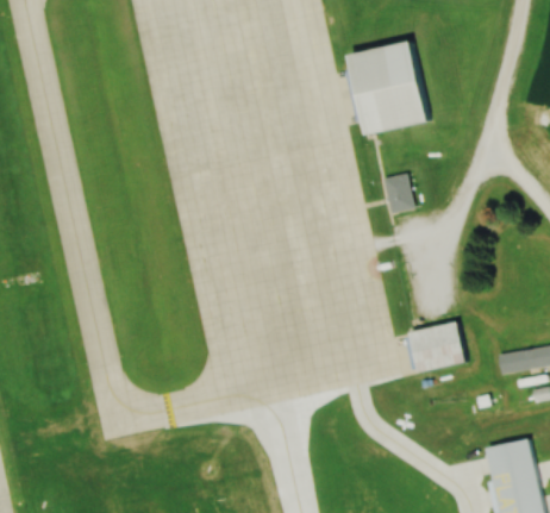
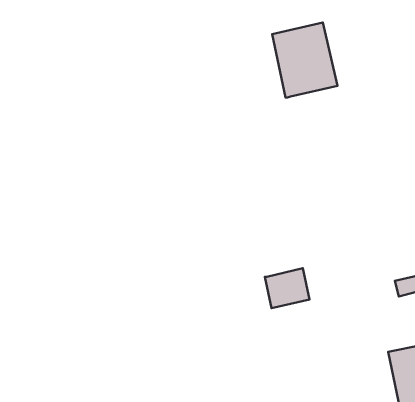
building: [385,179,417,219] -> none
building: [407,325,462,374] -> [265,268,310,308]

